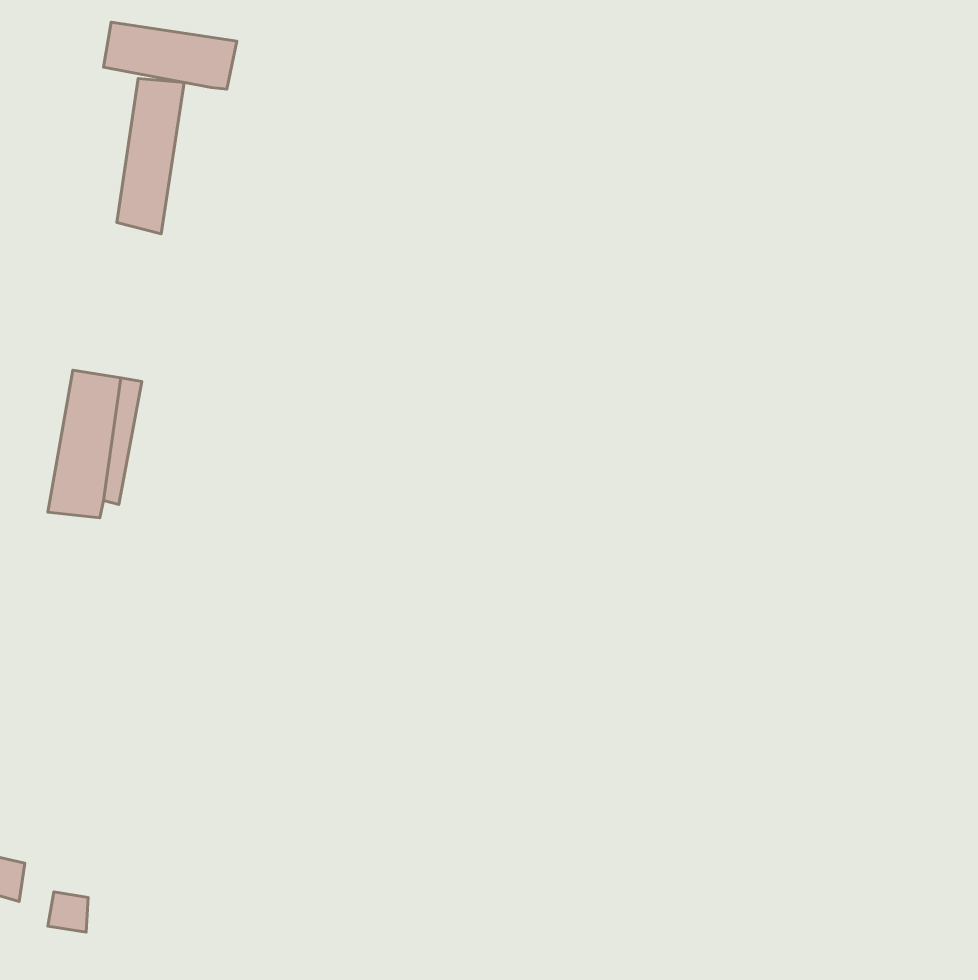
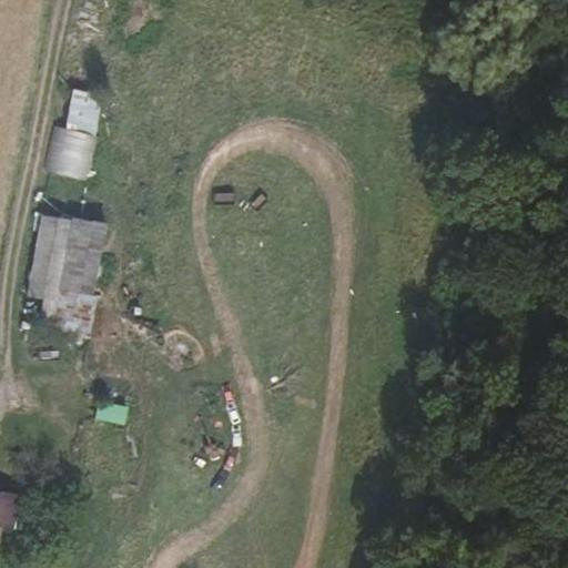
building: [103,22,237,89] -> none
building: none -> [69,221,106,296]

